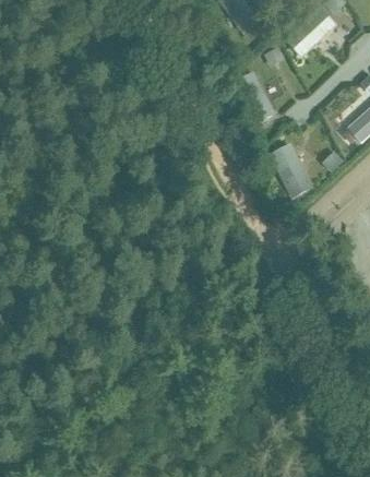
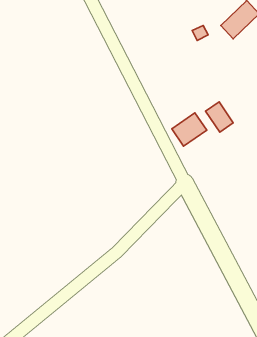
building: none -> [172,113,207,146]

